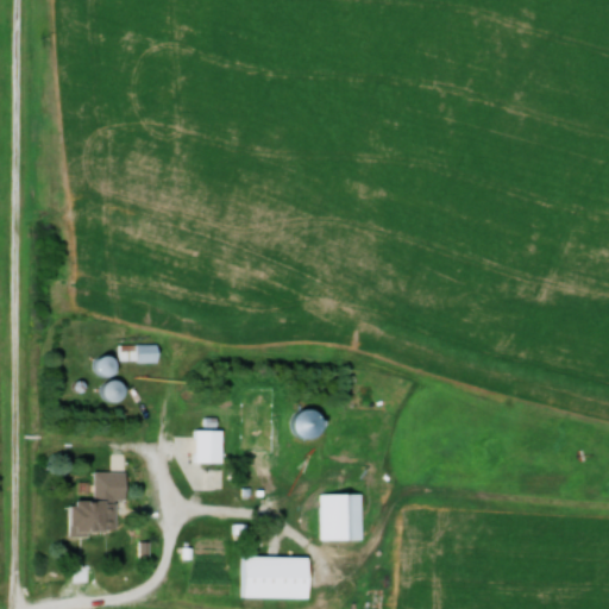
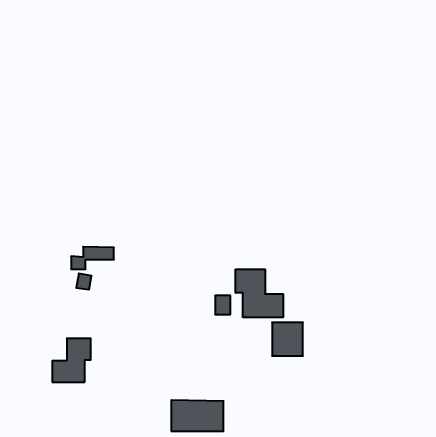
building: none -> [236,269,283,317]
building: [196,431,224,464] -> none
building: [319,495,362,541] -> [272,322,303,356]

